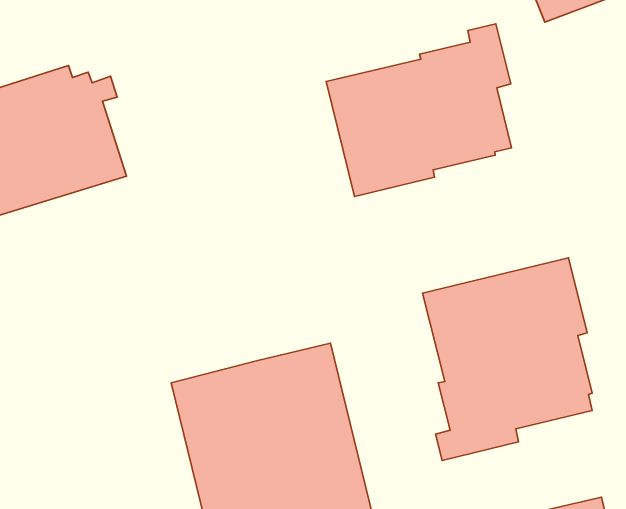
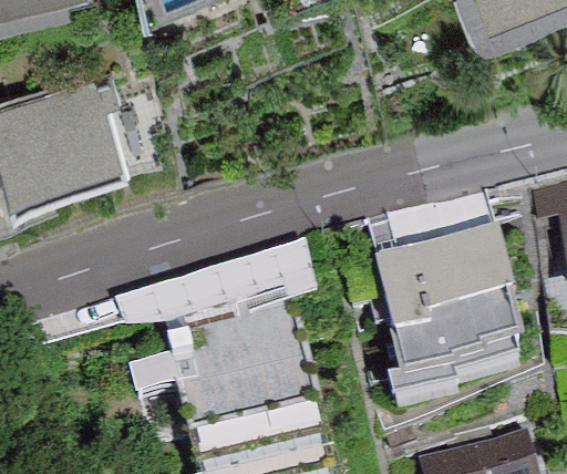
building: [326,24,512,197] -> none
building: none -> [114,238,317,327]

